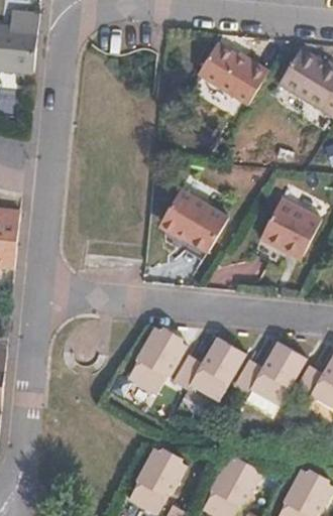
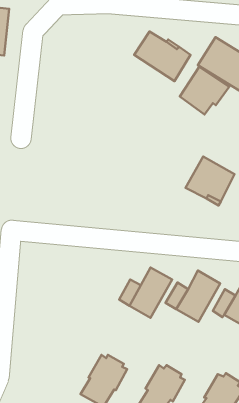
building: none -> [180,67,229,114]
building: [163,186,228,249] -> none
building: [127,331,187,400] -> none

